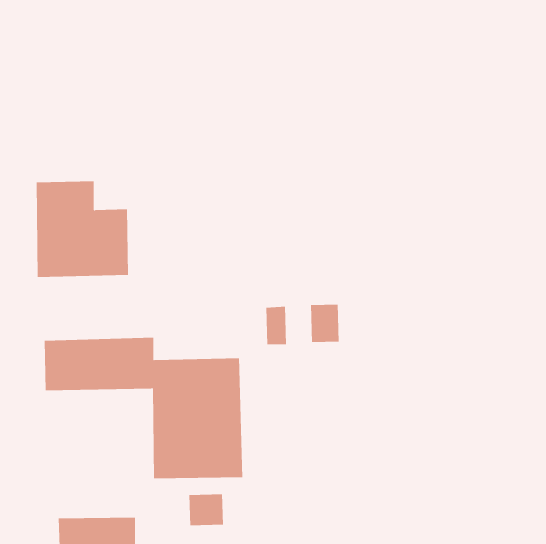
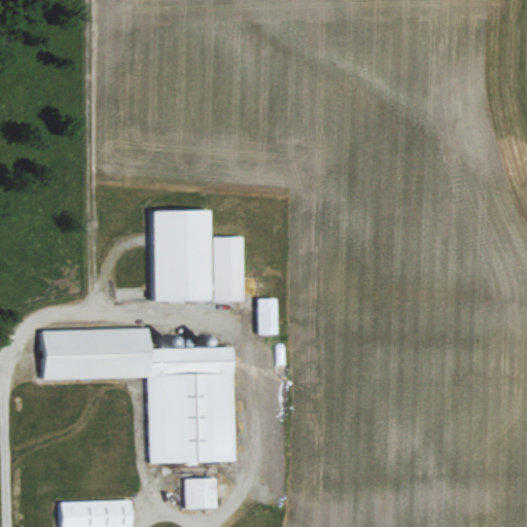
building: [36,181,129,277] -> [153,209,243,302]
building: [310,304,339,343] -> none

